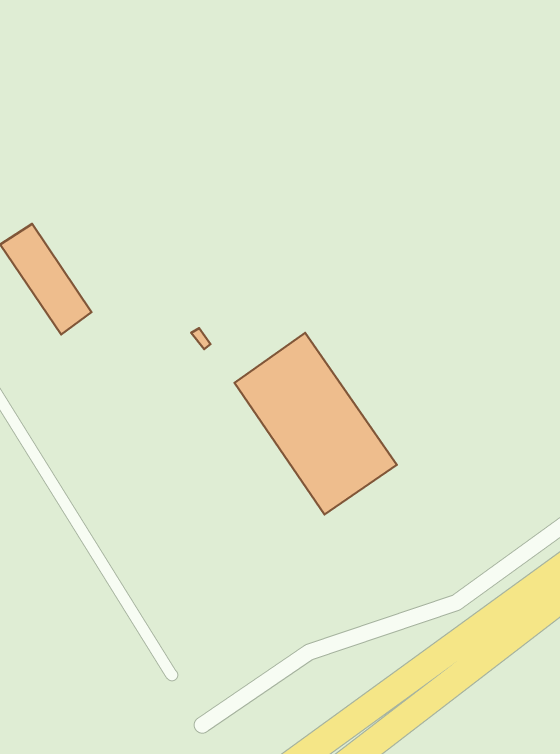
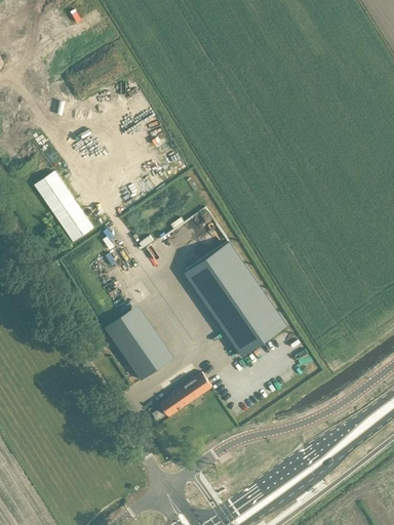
building: none -> [109,305,175,380]
building: none -> [159,372,211,416]

